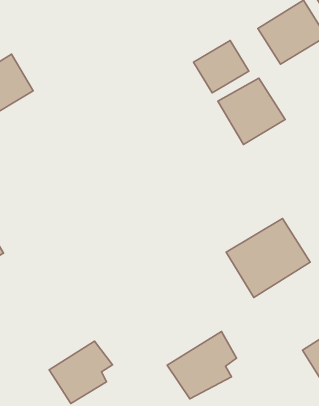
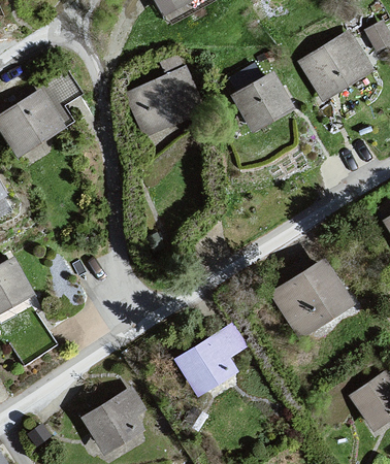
building: none -> [129,70,201,134]
building: [218,78,285,144] -> none
building: [167,331,236,399] -> [174,326,247,396]

